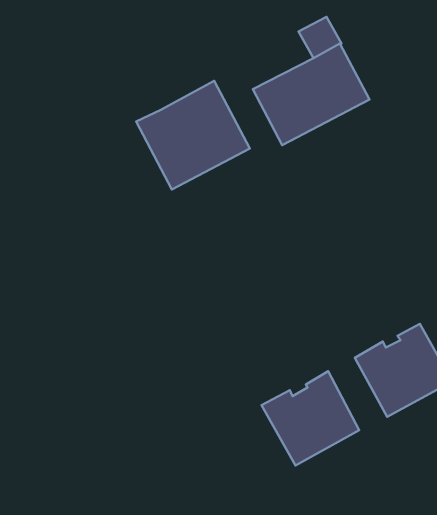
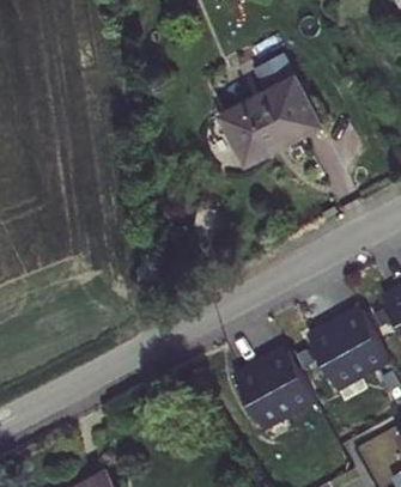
building: [136,81,250,190] -> none

